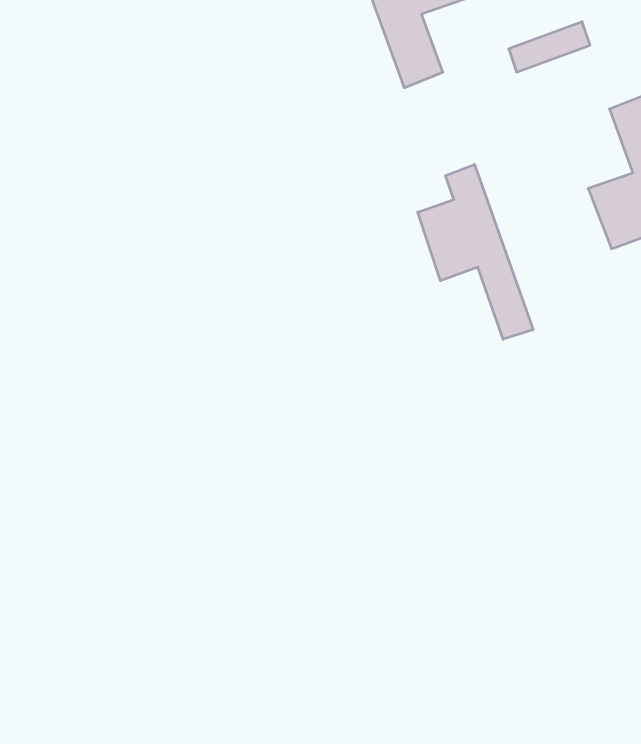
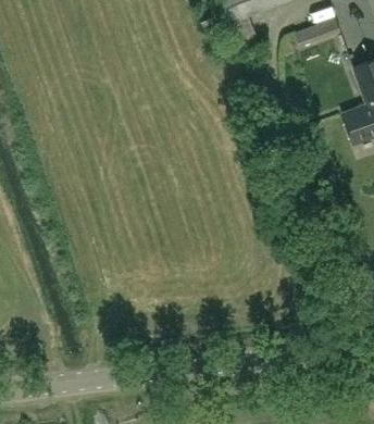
building: [418,164,533,339] -> none

